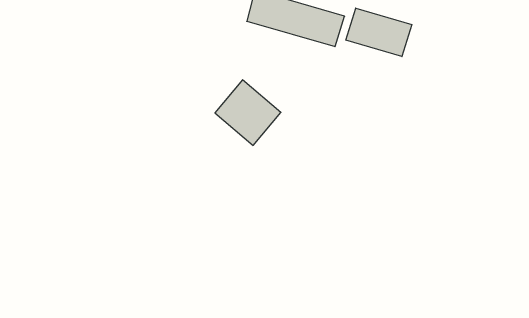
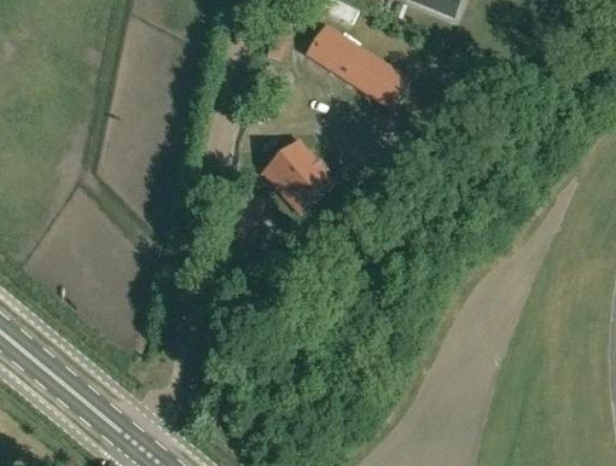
building: [346,8,412,57] -> none

